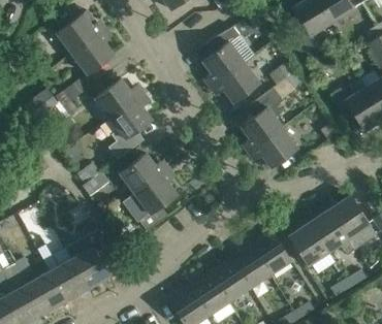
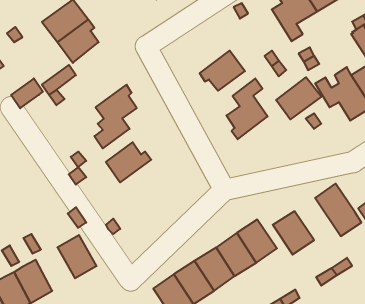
building: [203,27,245,85] -> none
building: [95,79,141,119] -> none
building: [253,128,298,170] -> [276,77,321,119]
building: [135,171,178,231] -> none
building: [310,209,356,255] -> none
building: [51,259,90,302] -> none

